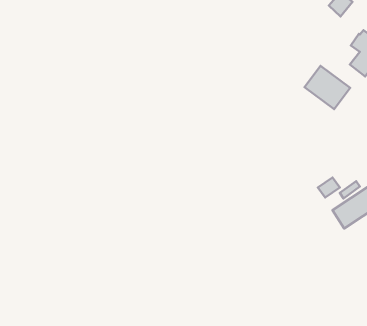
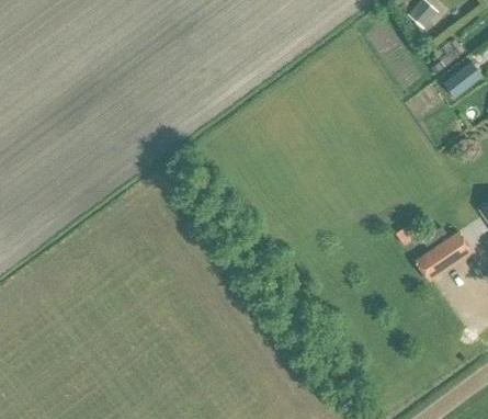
building: [305,66,350,109] -> none

